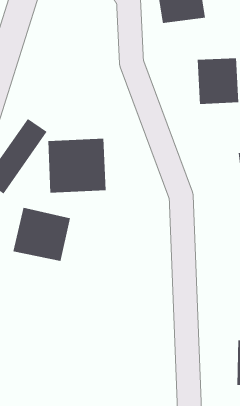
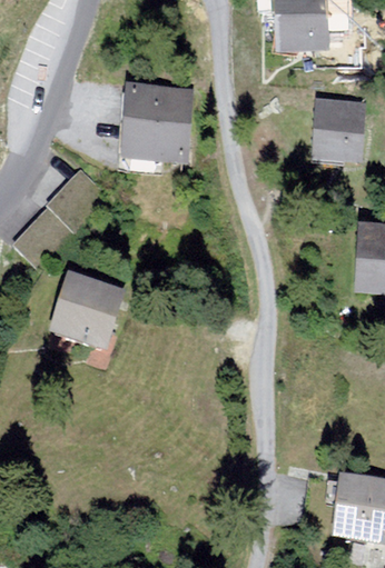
building: [47,138,106,193] -> [116,87,194,159]

